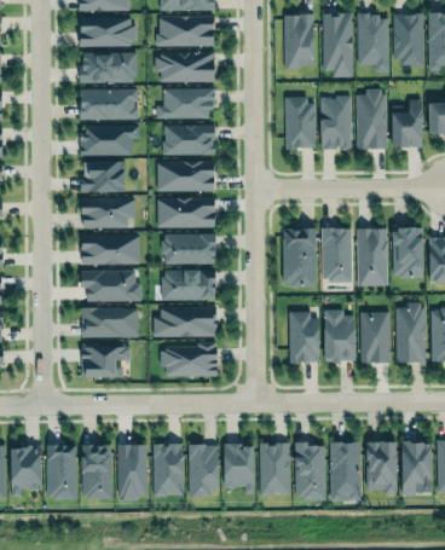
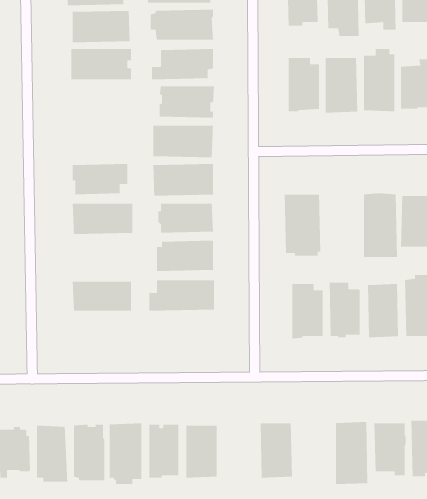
building: [82,126,140,156] -> none
building: [81,162,125,192] -> none
building: [320,227,352,283] -> none
building: [82,271,141,301] -> none
building: [160,342,219,380] -> none
building: [80,346,132,380] -> none
building: [294,445,325,502] -> none
building: [224,446,254,496] -> none

